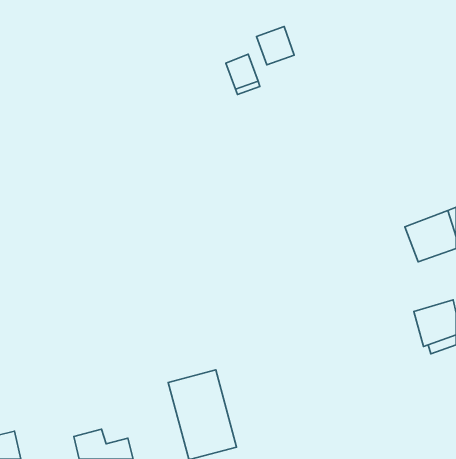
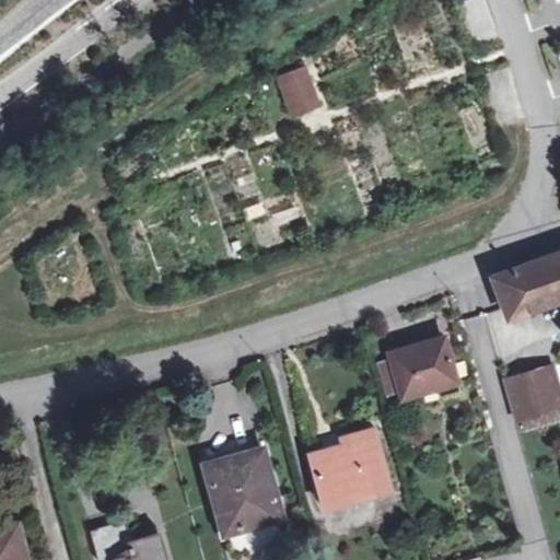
building: [256,26,294,65] -> none
building: none -> [388,338,455,398]
building: none -> [310,429,392,506]

